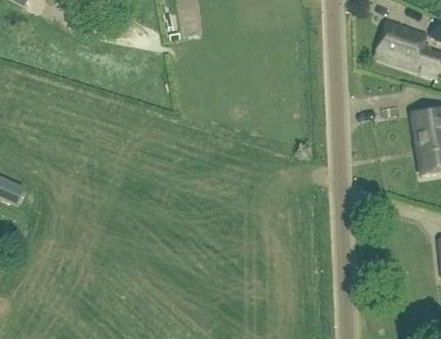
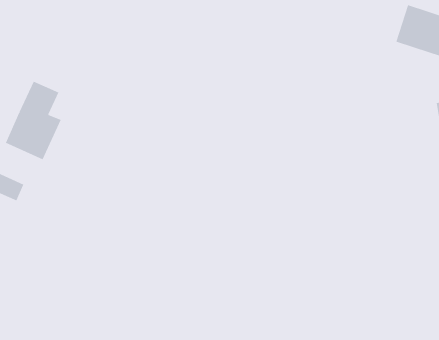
building: none -> [5,81,61,160]

